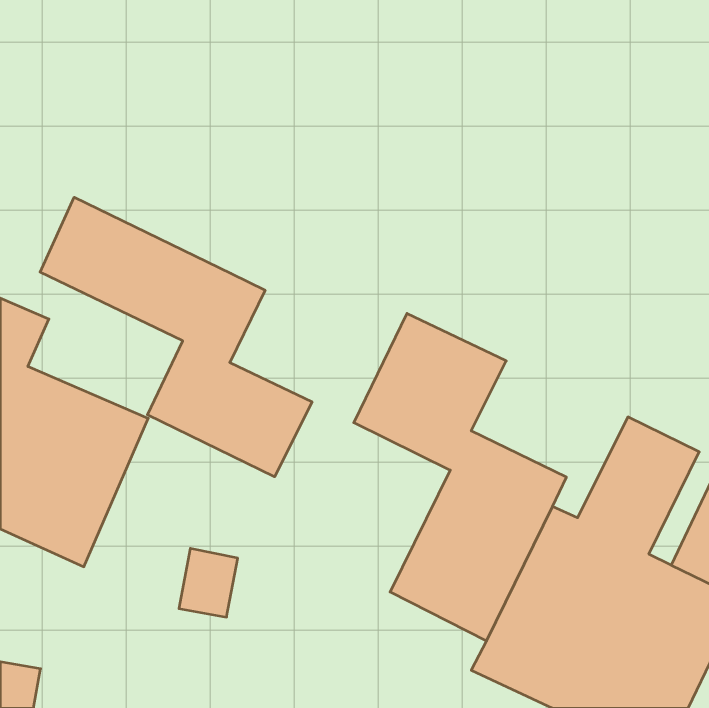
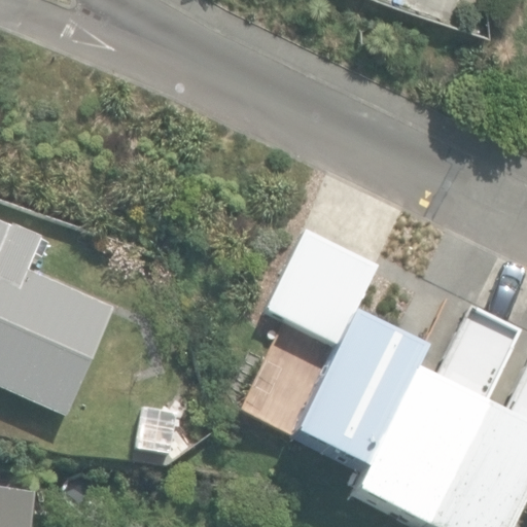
building: [40,197,312,477] -> none

